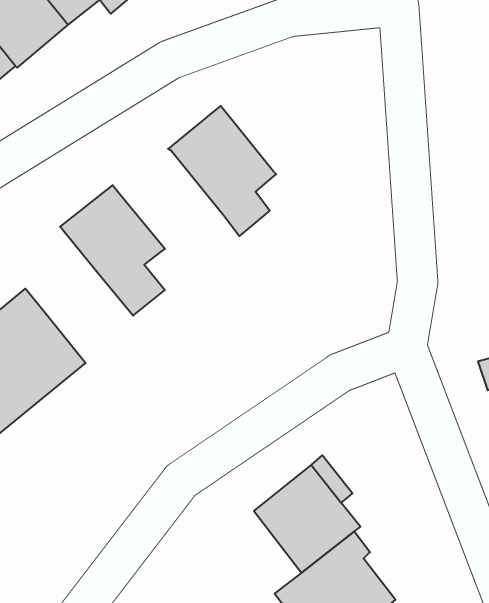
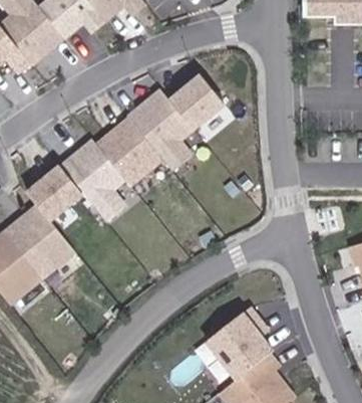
building: none -> [175,69,231,125]
building: none -> [102,112,168,180]
building: none -> [33,160,88,215]

